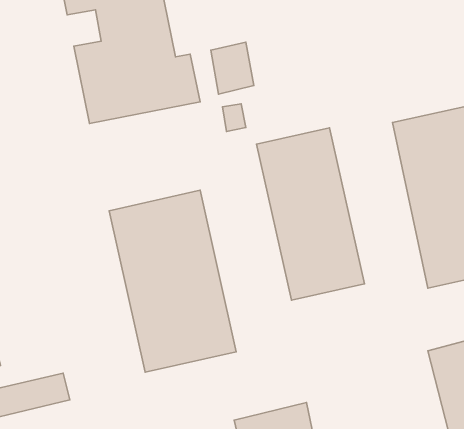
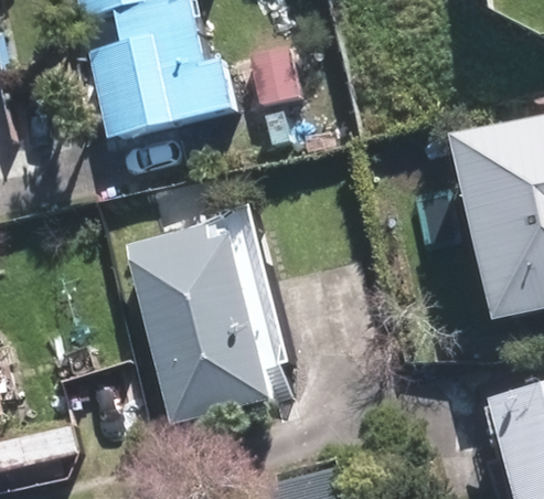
building: [256,128,364,300] -> none

